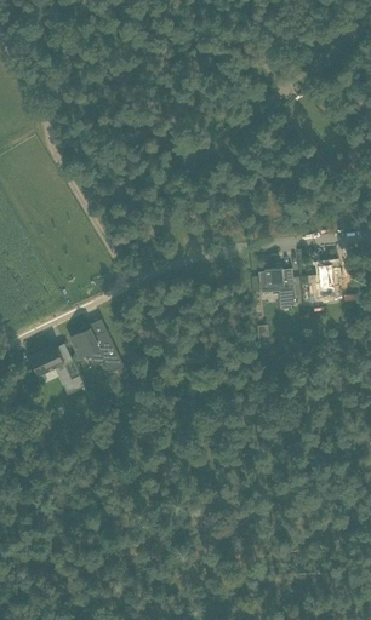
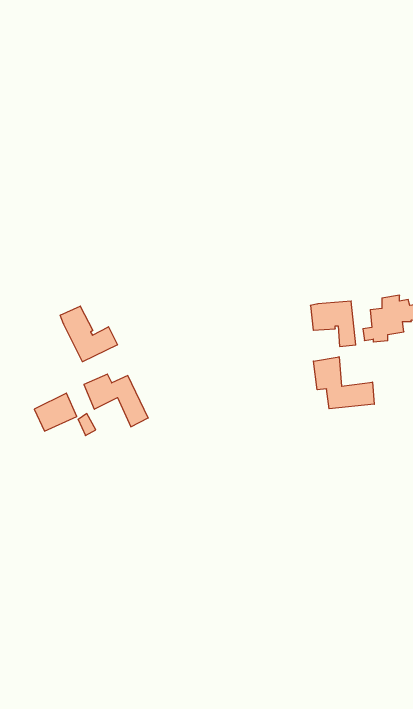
building: none -> [60,306,117,362]
building: none -> [313,357,374,409]

